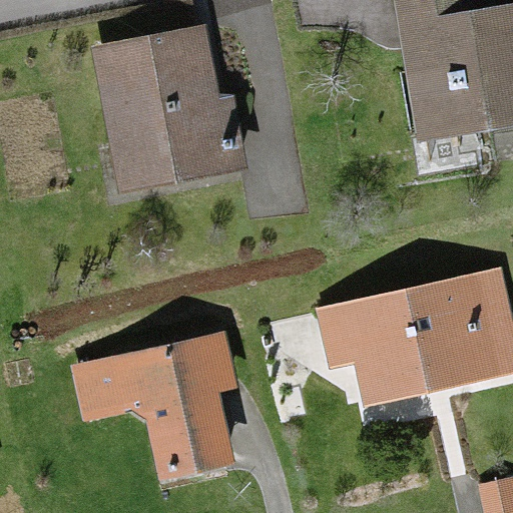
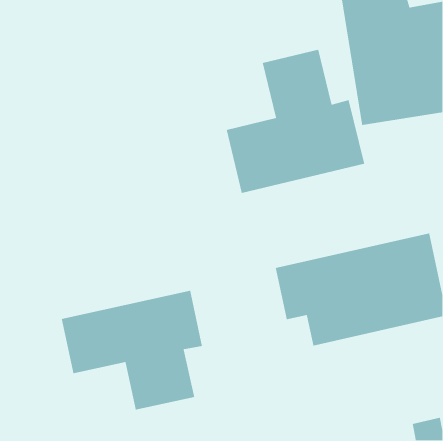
building: [92,22,238,191] -> none
building: none -> [226,49,365,194]

